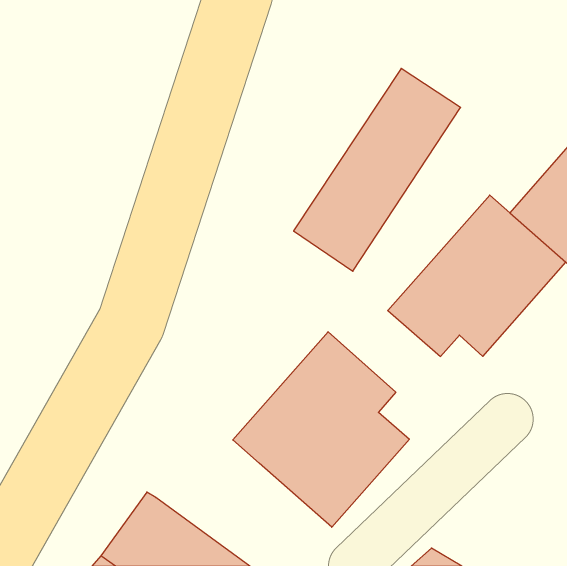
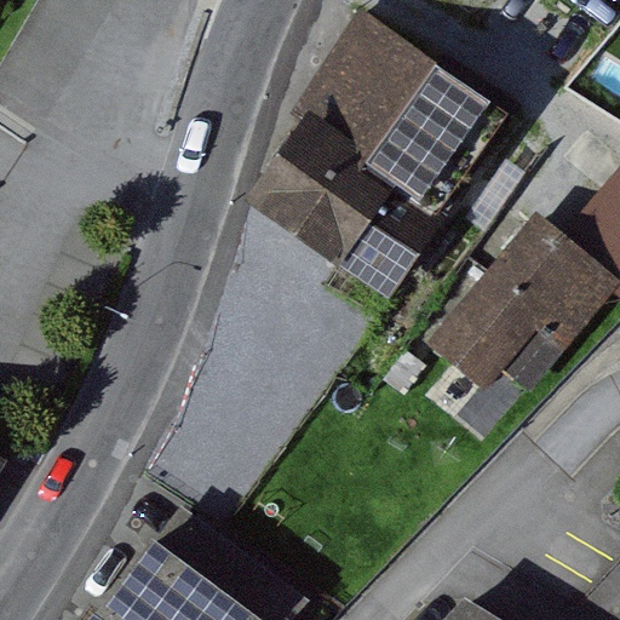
building: none -> [253,18,440,249]
building: [233,332,409,527] -> none

